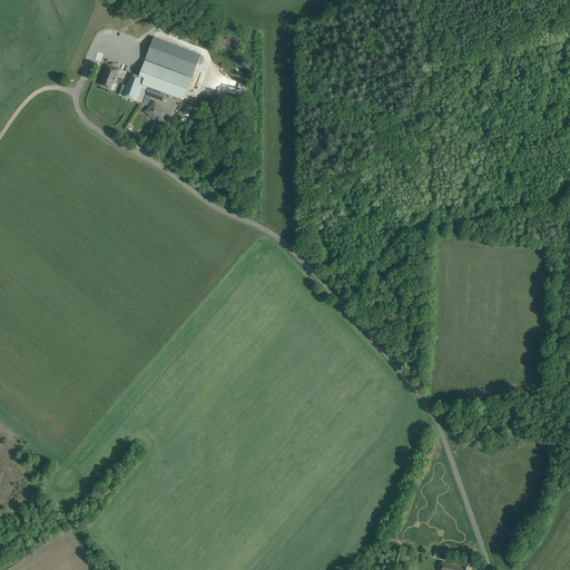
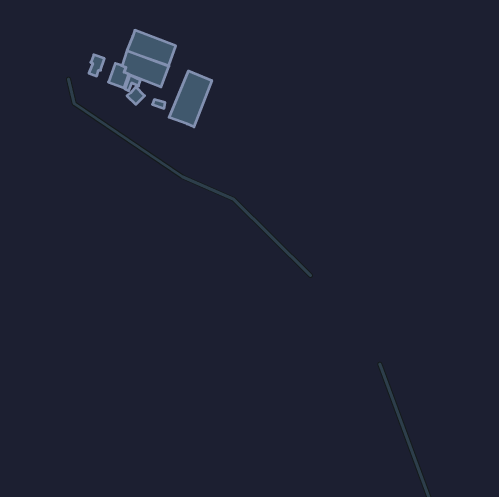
building: none -> [169,71,212,127]

